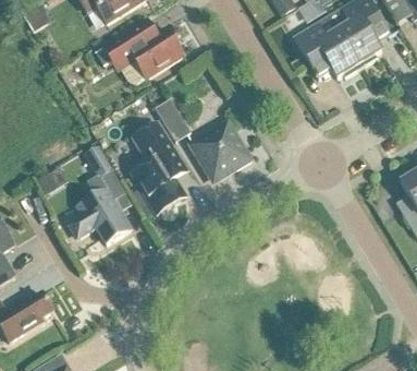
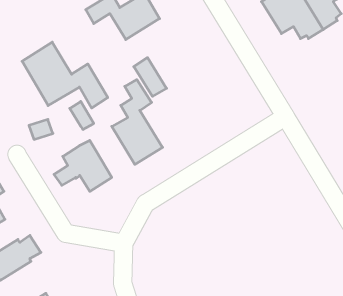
building: none -> [22,42,108,108]
building: [194,125,252,179] -> none
building: [87,170,125,200] -> none

